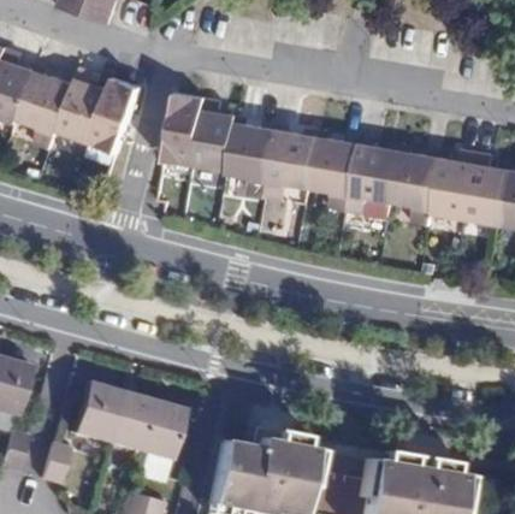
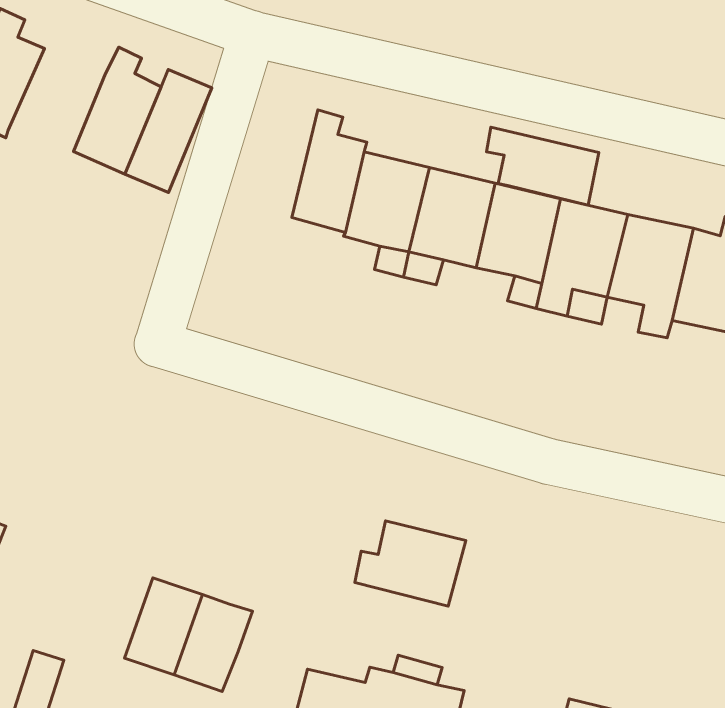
building: [17,70,75,150] -> none
building: [166,93,207,165] -> none
building: none -> [486,127,599,205]
building: none -> [355,521,466,606]
building: [73,383,123,443] -> none

